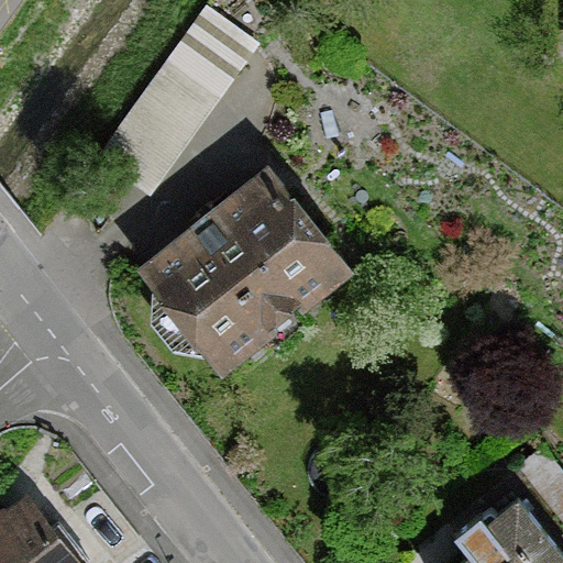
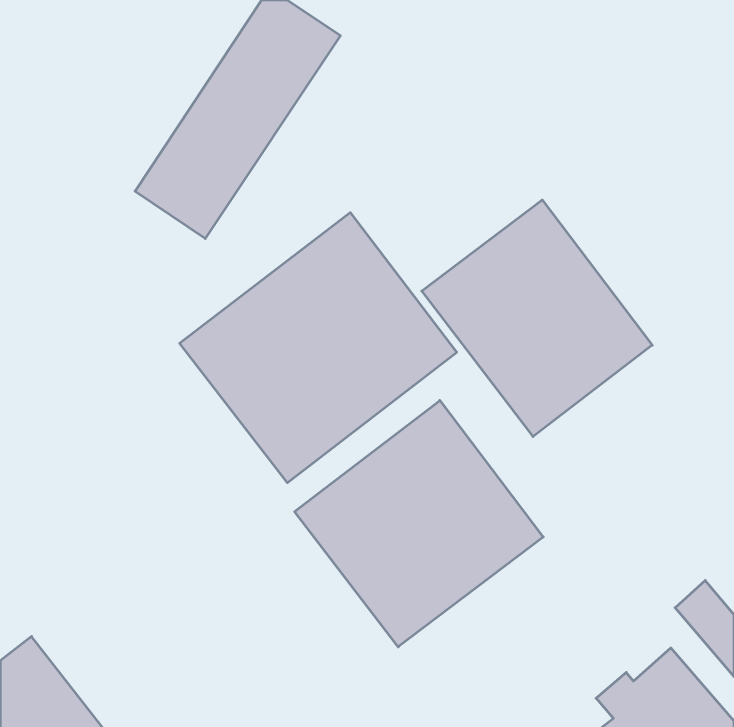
building: none -> [422,200,652,437]
building: none -> [295,400,543,647]

